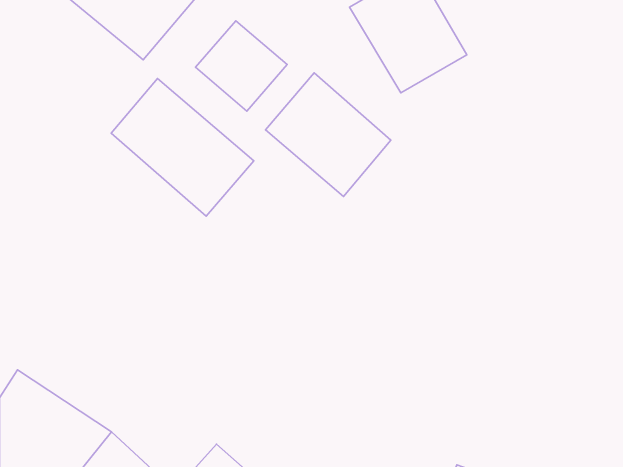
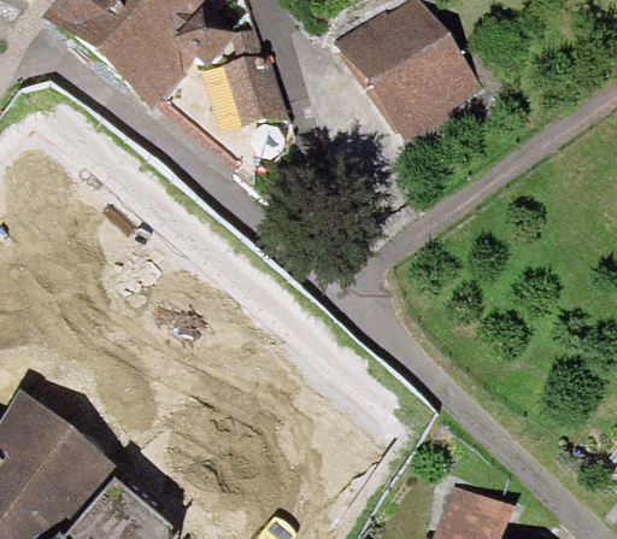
building: [265,73,391,196] -> none
building: [111,79,254,216] -> none

